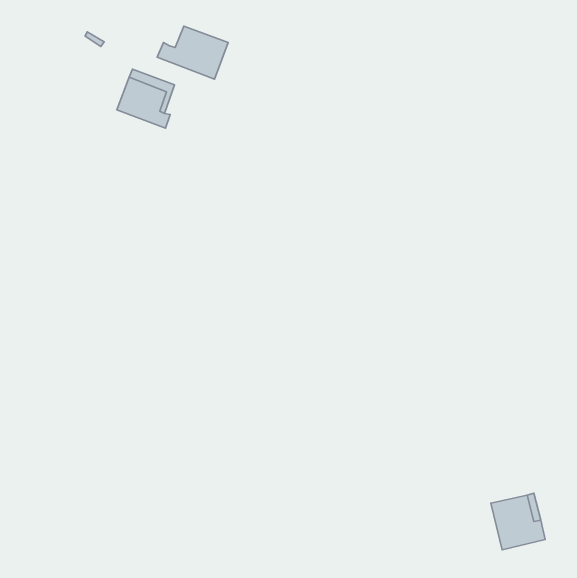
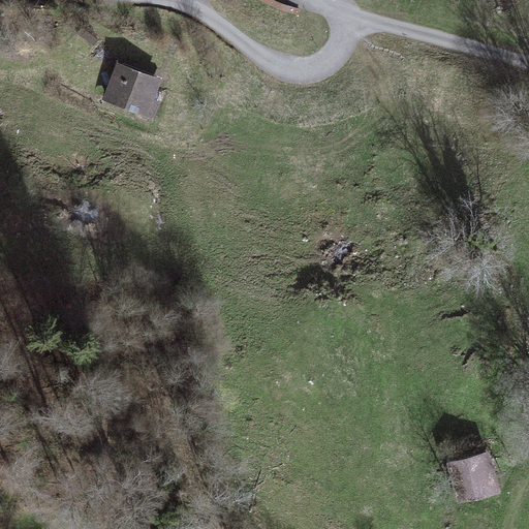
building: [157,26,228,79] -> none

